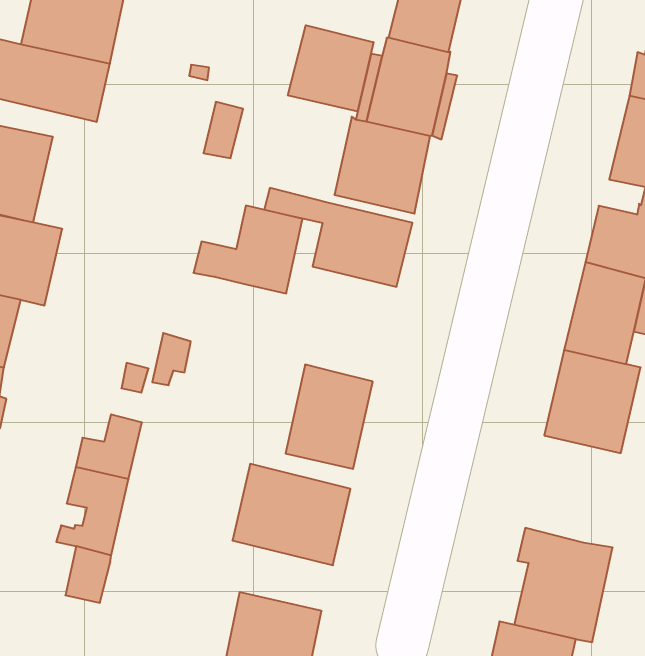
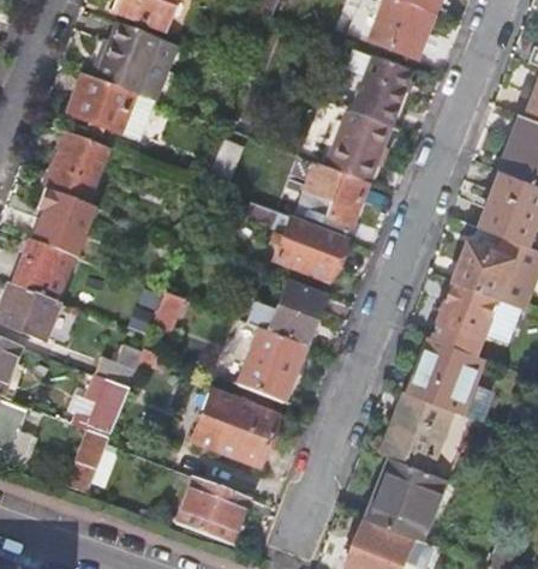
building: [288,25,373,112] -> none
building: [193,206,302,293] -> [244,280,323,343]
building: none -> [385,394,471,473]

